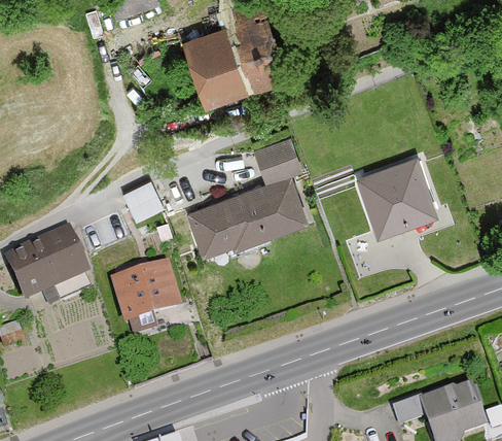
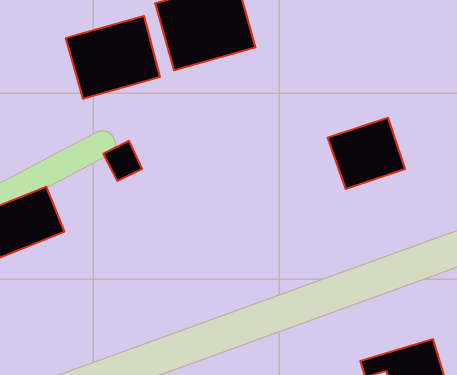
building: none -> [66,16,160,99]
building: [184,138,307,253] -> none
building: [112,263,179,325] -> none

